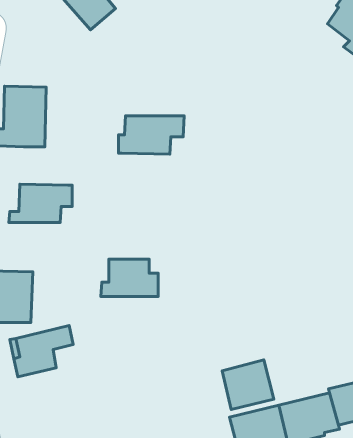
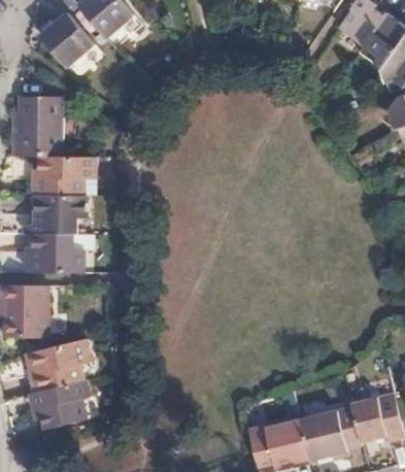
building: none -> [41,12,95,66]
building: [119,116,184,154] -> [31,157,98,196]
building: [101,259,158,296] -> [23,234,81,272]
building: [222,360,274,410] -> none
building: none -> [29,379,89,430]

